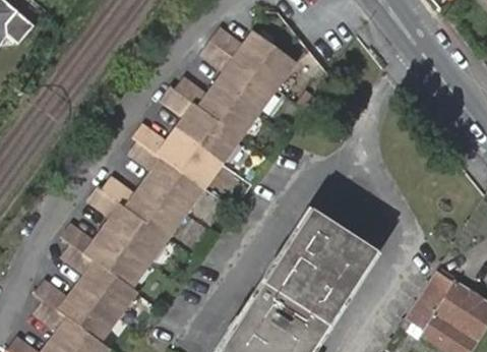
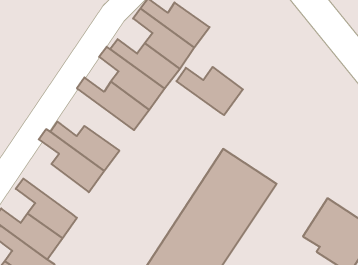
building: none -> [176,67,243,115]
building: [131,141,204,213] -> none
building: [62,225,150,289] -> none

